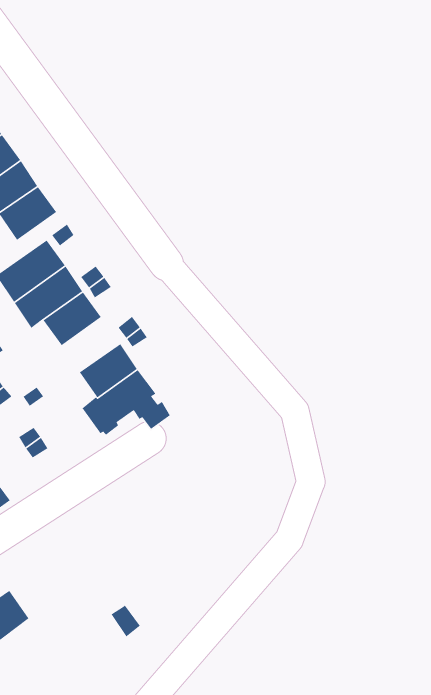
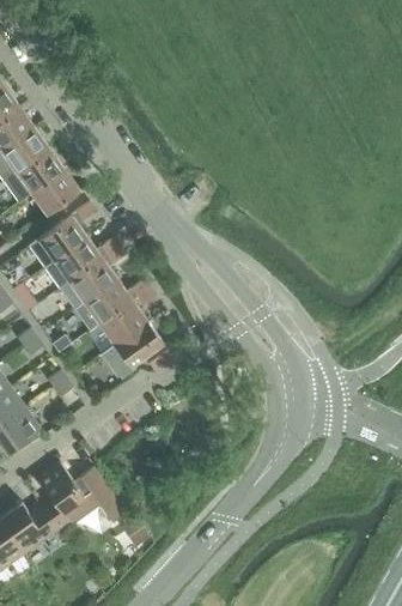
building: none -> [69,279,133,334]
building: none -> [38,462,124,529]

